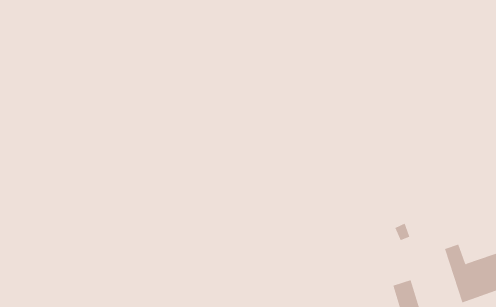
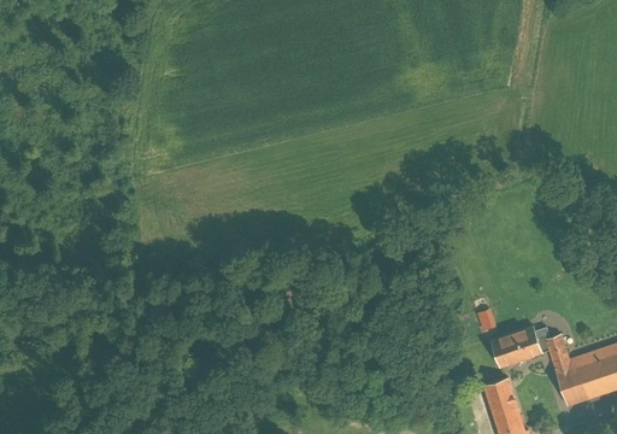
building: none -> [486,328,539,371]

